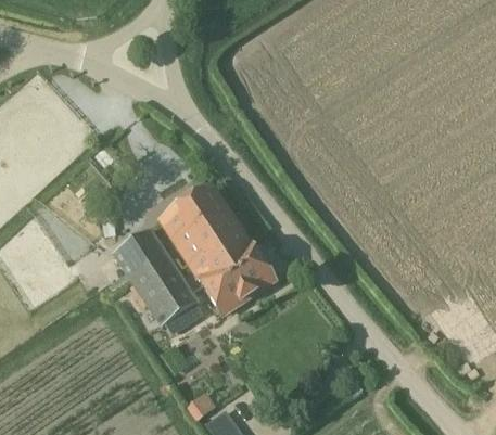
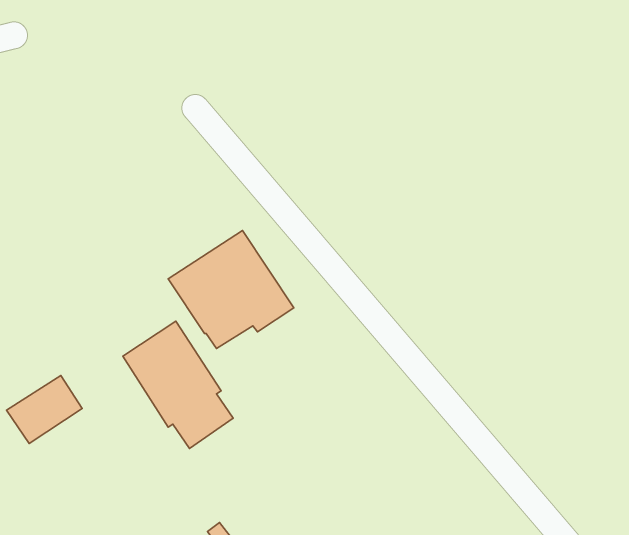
building: [110,225,164,273] -> [6,375,82,443]
building: [185,239,275,312] -> none

